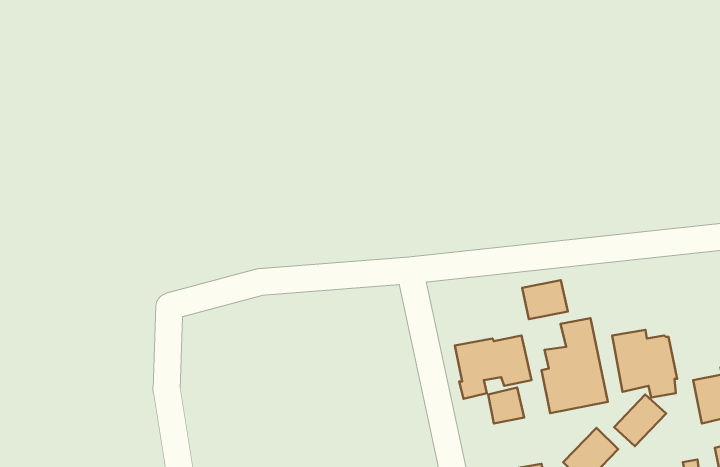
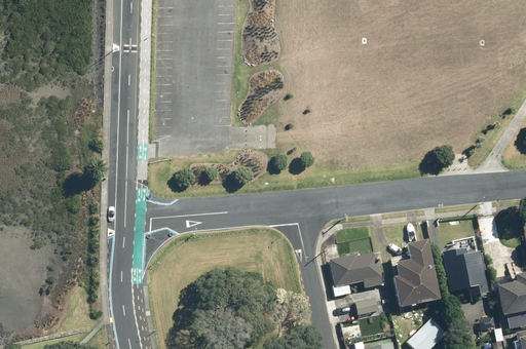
building: [522,280,568,319] -> none
building: [614,395,666,446] -> none

